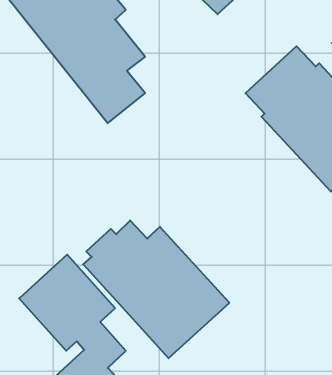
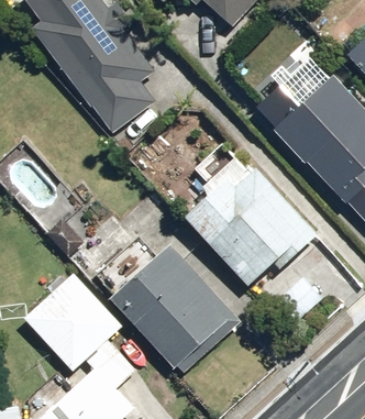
building: none -> [180,161,319,289]

